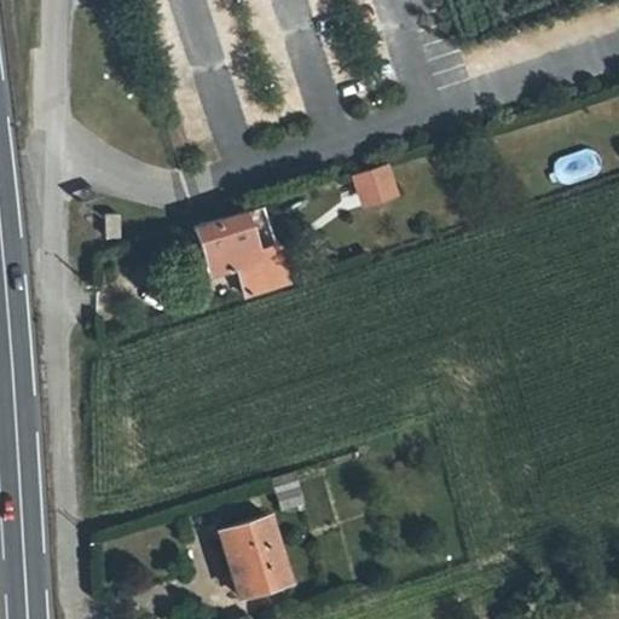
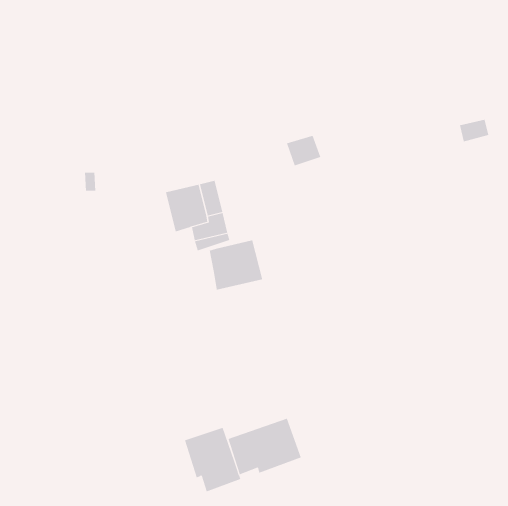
building: none -> [209,239,263,291]
building: none -> [228,418,302,475]

